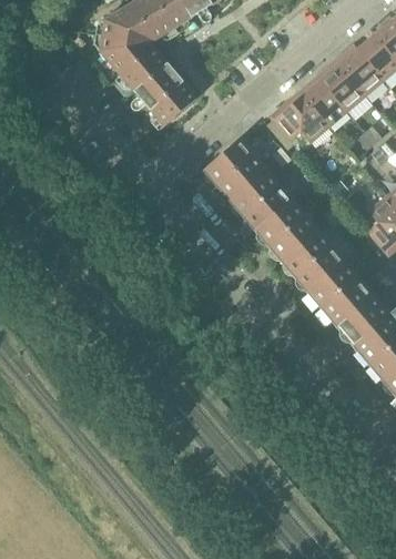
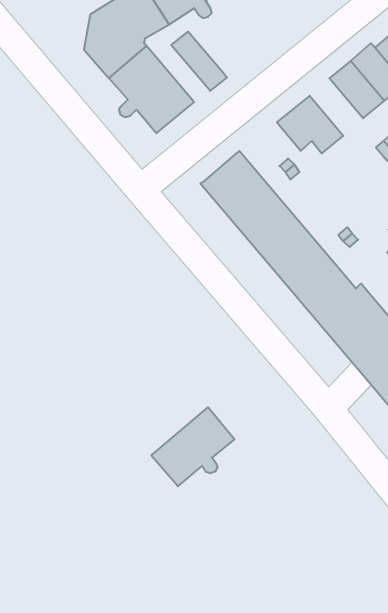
building: none -> [171,32,227,91]
building: [299,75,347,126] -> none
building: none -> [151,407,234,486]

